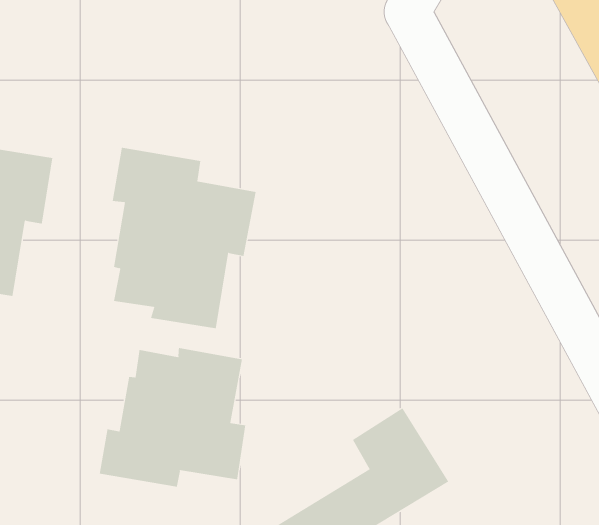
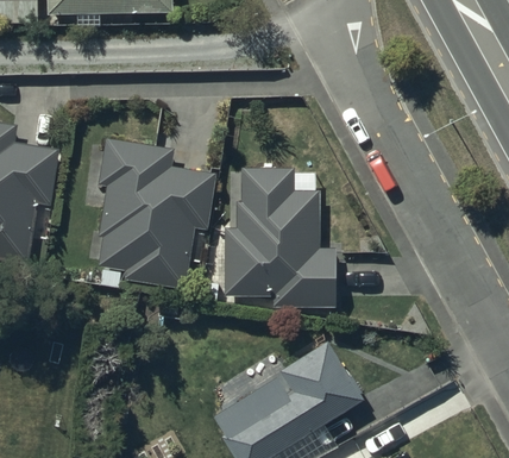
building: none -> [227,169,334,306]
building: [99,347,246,488] -> none

